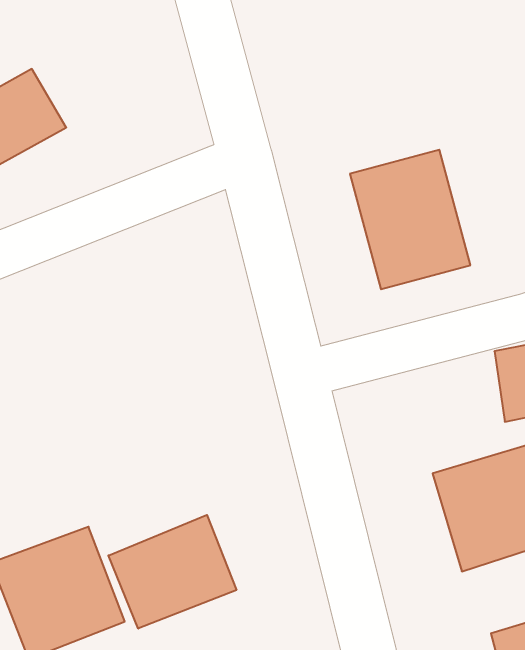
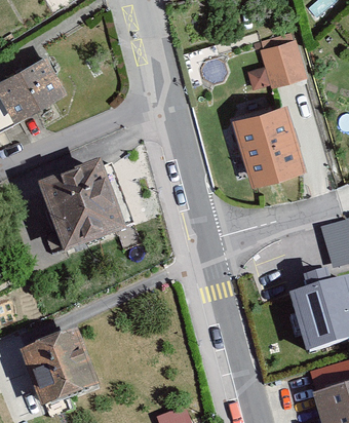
building: none -> [243,41,301,93]
building: none -> [39,158,129,252]
building: [108,515,236,629] -> none

